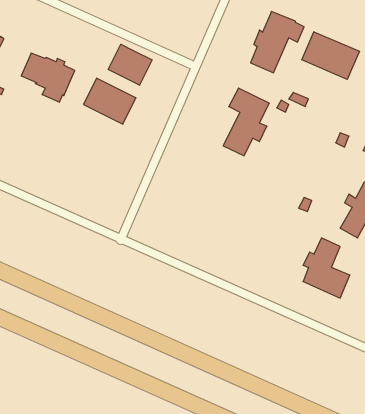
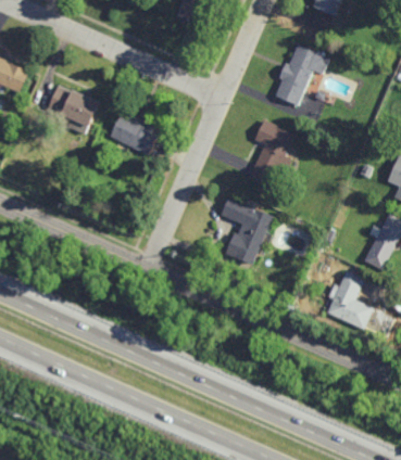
building: [302,32,359,79] -> none
building: [108,44,152,85] -> none
building: none -> [221,196,273,264]

